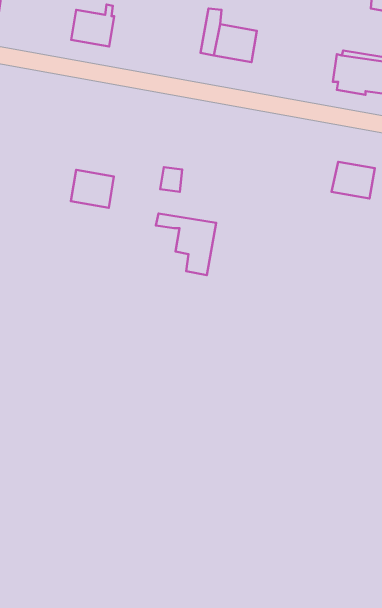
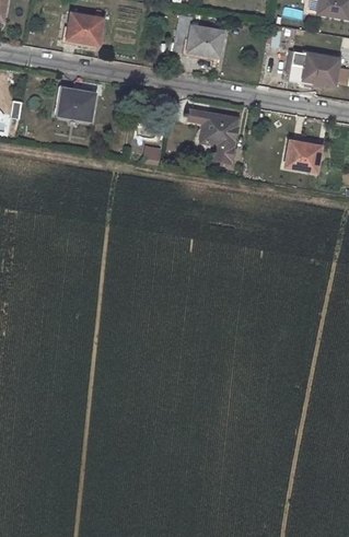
building: [71,170,114,208] -> [59,89,95,120]
building: [156,214,216,275] -> [189,112,240,163]

